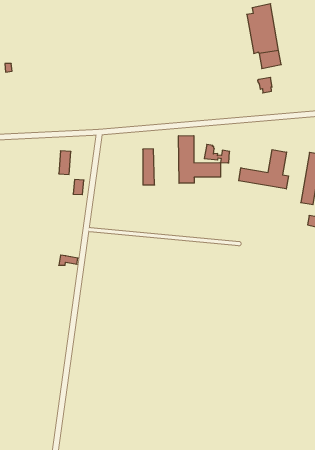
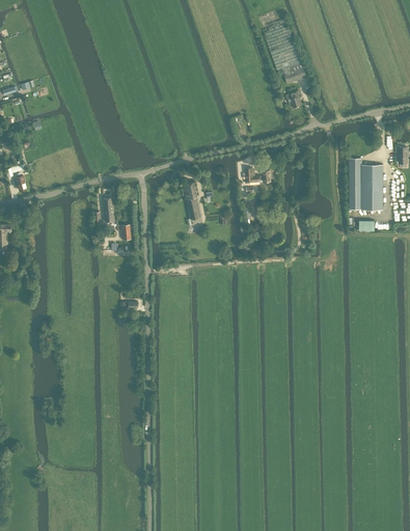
building: [179,136,221,183] -> none
building: [239,150,288,189] -> none

